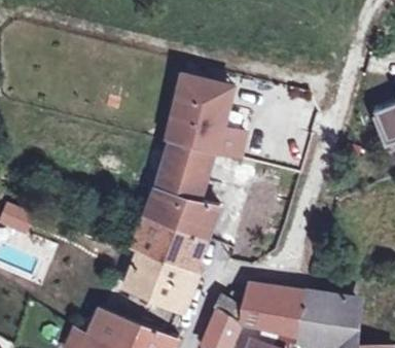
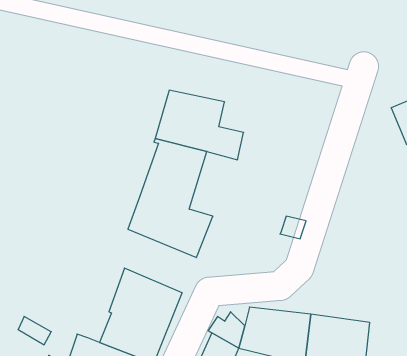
building: [181,74,235,106] -> none
building: [134,217,205,273] -> none

